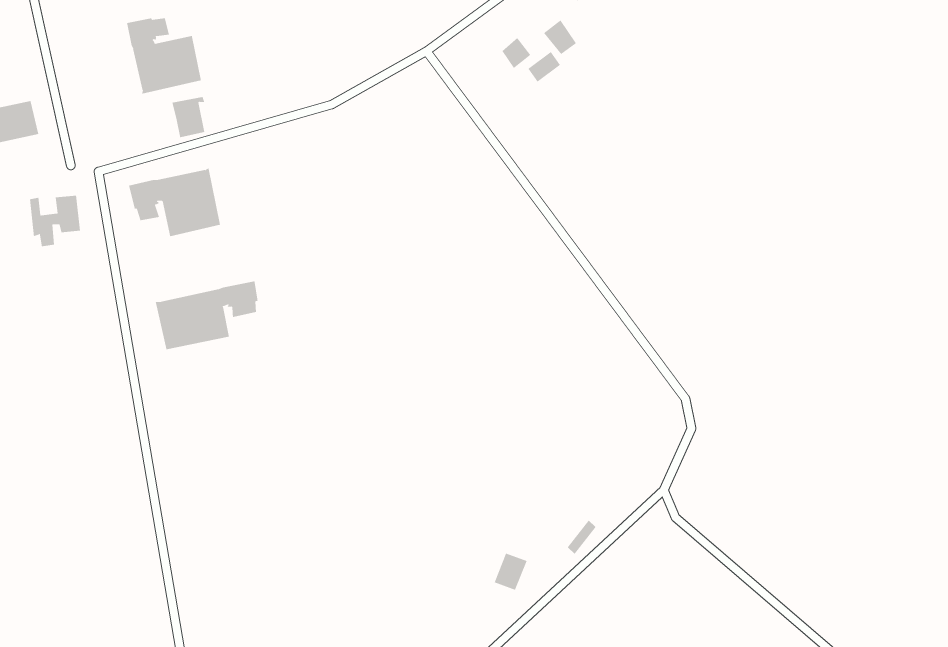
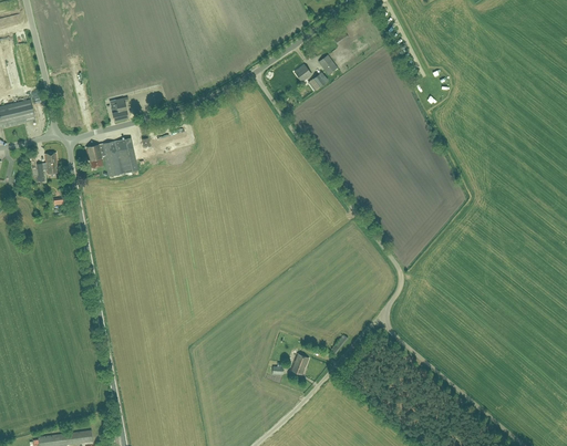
building: [126,18,202,95] -> none
building: [155,280,258,350] -> none

